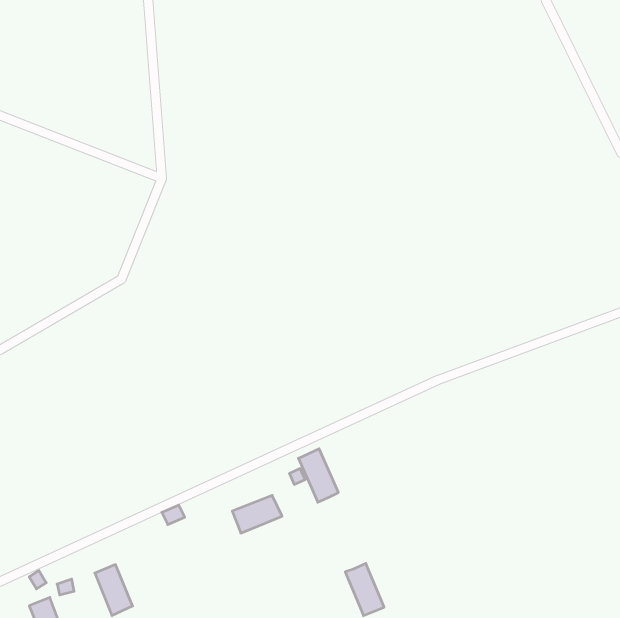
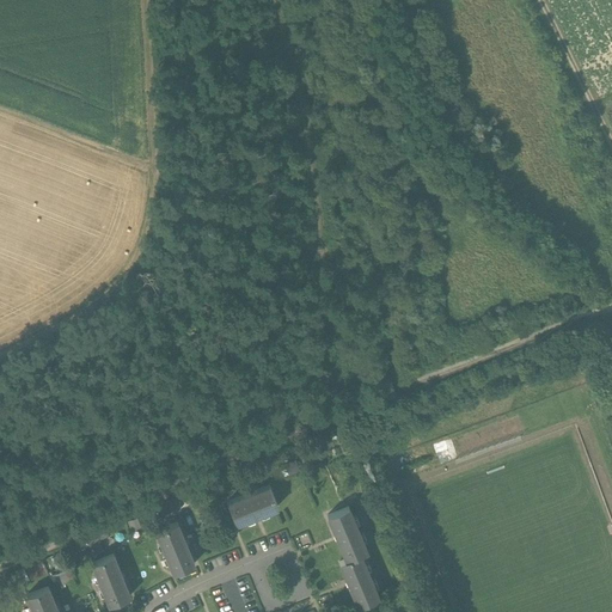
building: [298,449,338,502] -> [329,510,368,563]
building: none -> [158,526,195,575]

